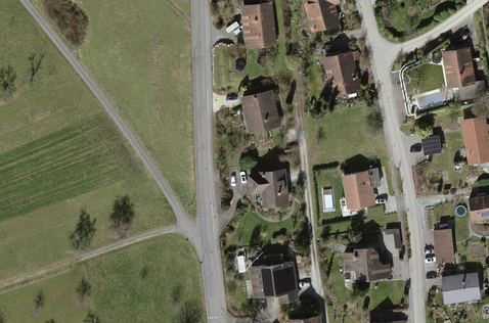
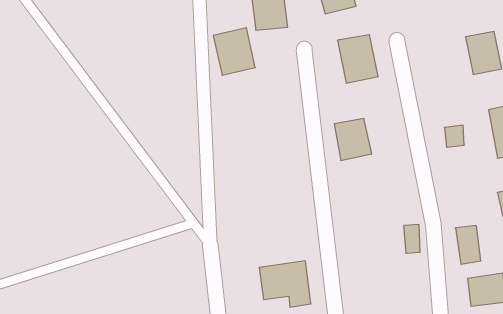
building: [239,90,278,134] -> [213,28,255,75]
building: [248,171,288,209] -> none
building: [341,171,375,210] -> [334,118,372,160]
building: [342,245,386,282] -> none

